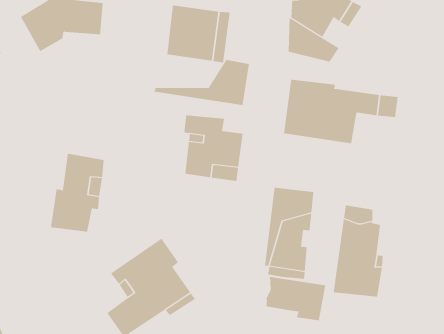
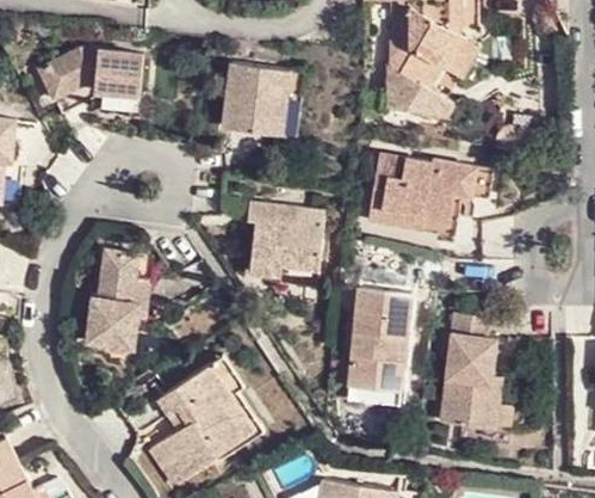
building: [154,59,249,106] -> none
building: [265,276,326,321] -> none

